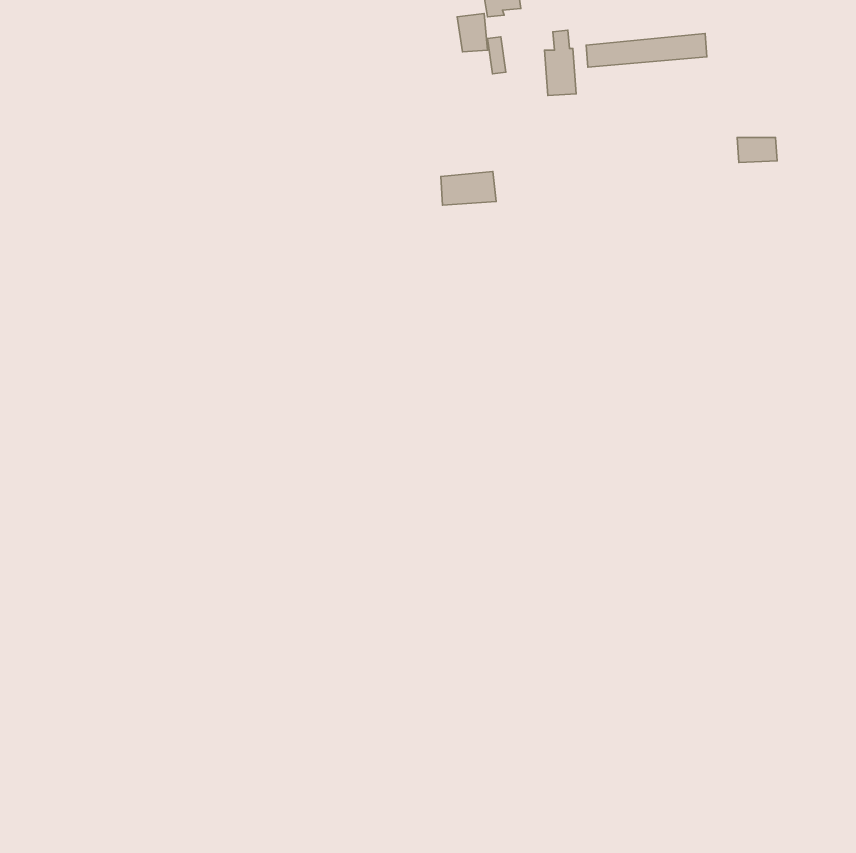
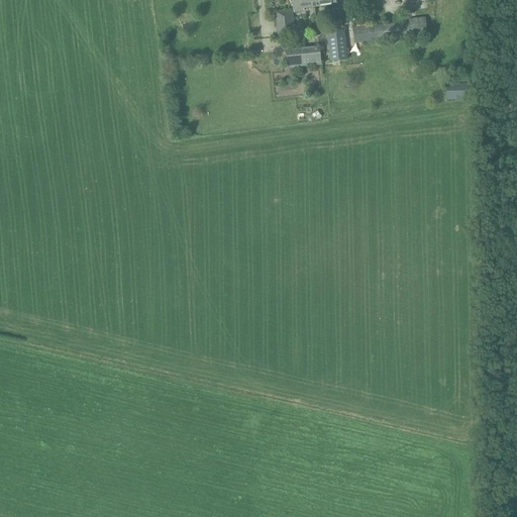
building: [441,171,496,205] -> [287,45,320,66]

